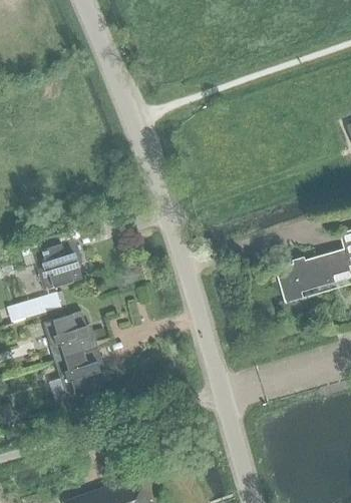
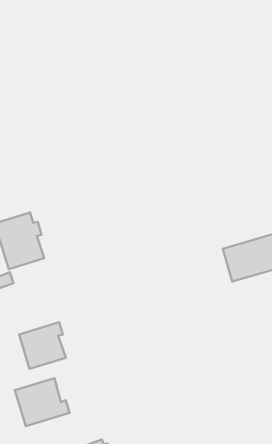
building: [44,313,99,362] -> none
building: none -> [15,378,69,426]

